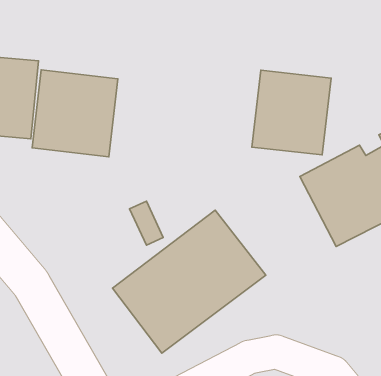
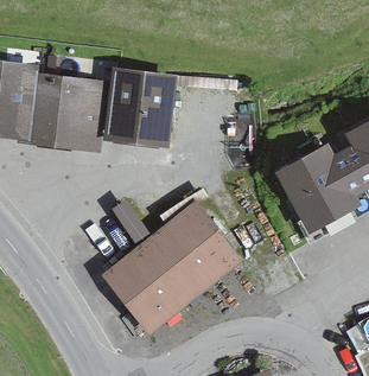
building: [252,70,331,155] -> [103,68,176,145]

